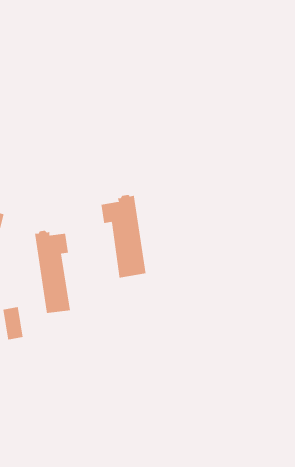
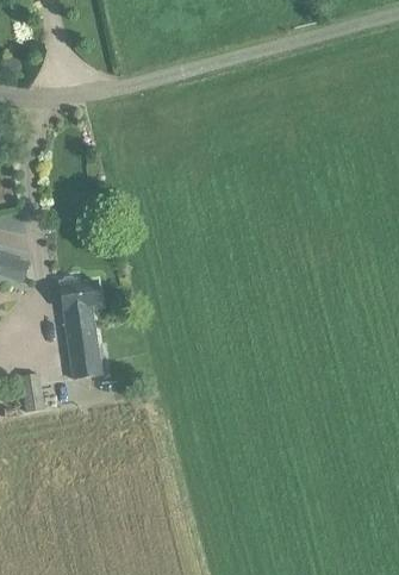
building: [101,194,146,278] -> none

